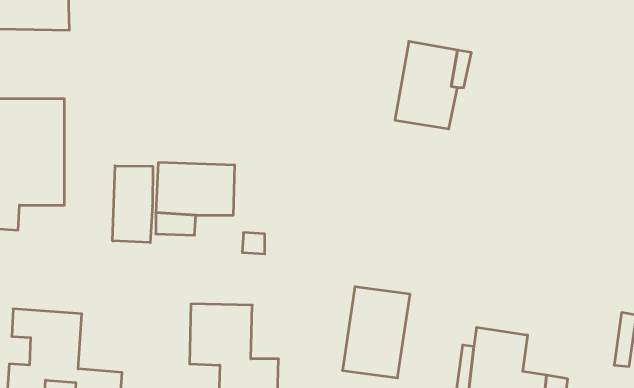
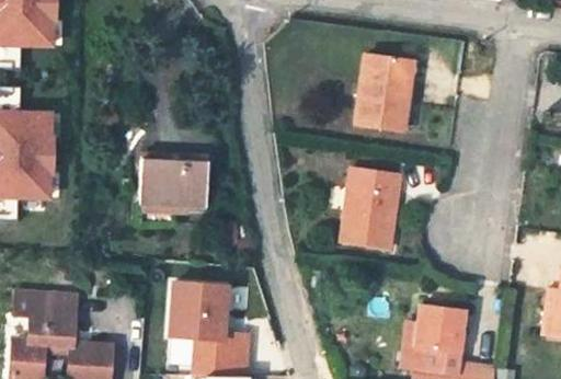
building: [113,166,153,243] -> none
building: [342,287,410,378] -> [340,171,399,251]

